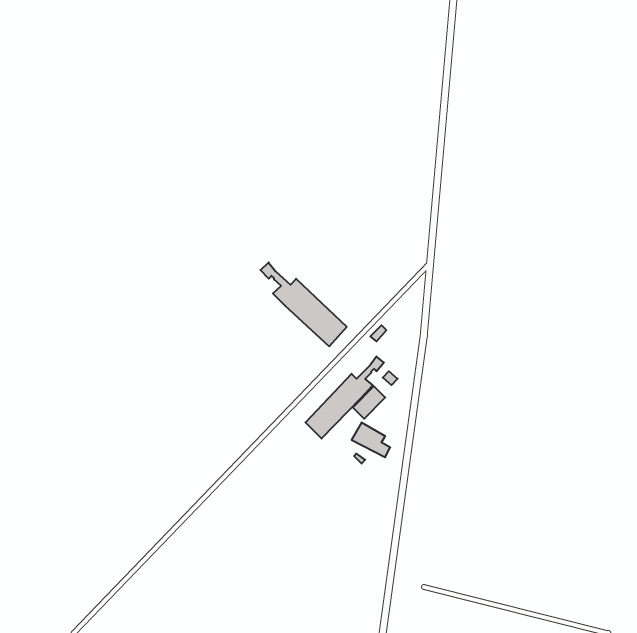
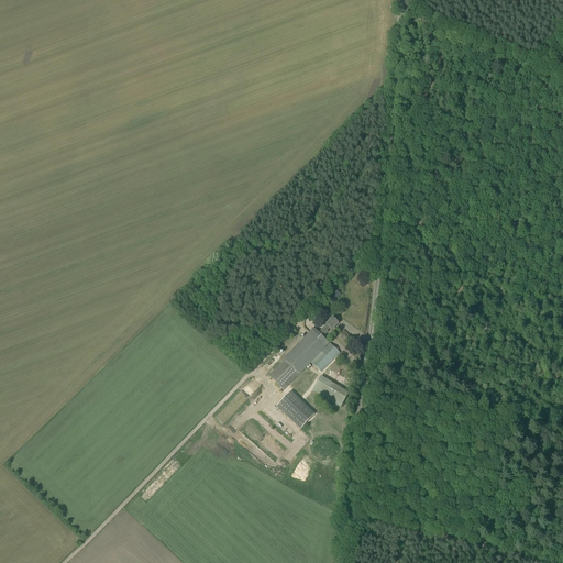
building: [260,262,347,346] -> none
building: none -> [277,389,314,426]

